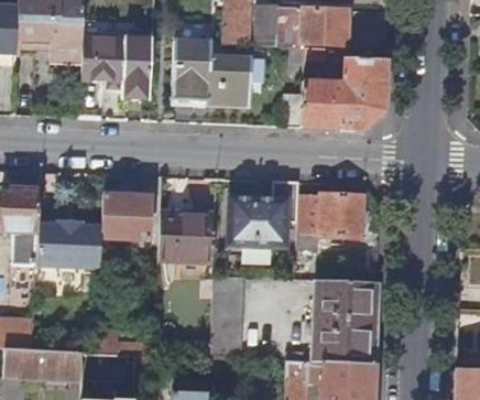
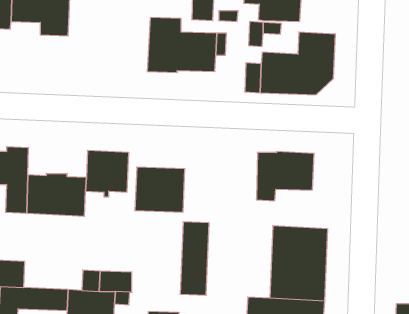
building: [80,37,152,97] -> none
building: [228,181,298,248] -> none

